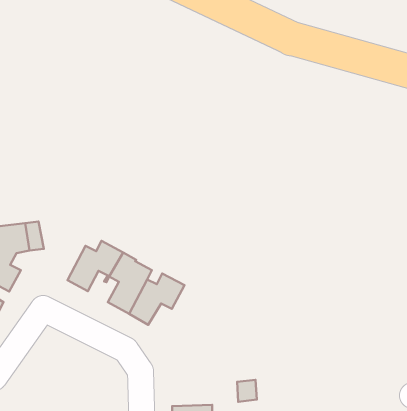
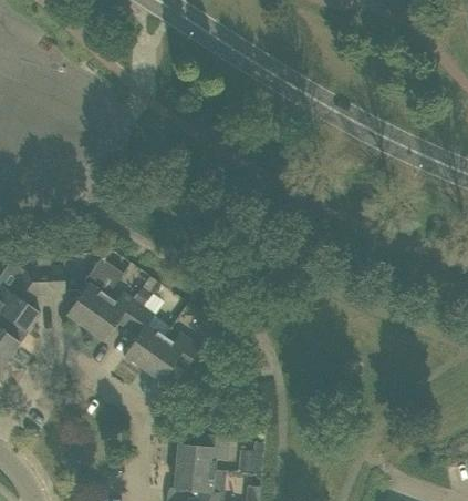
building: none -> [65,257,124,328]
building: none -> [175,433,229,470]

